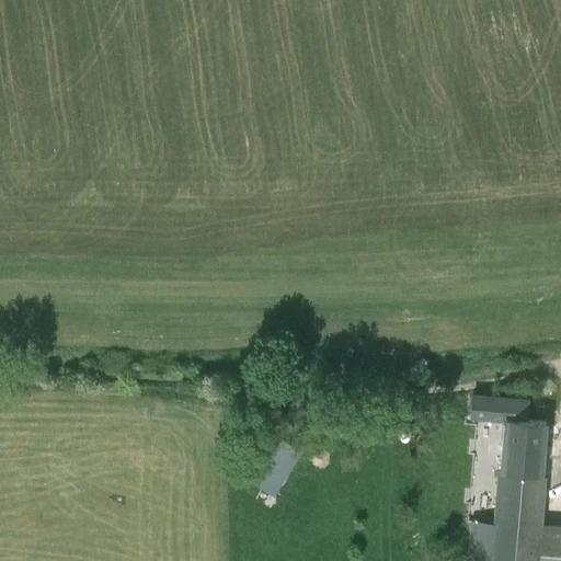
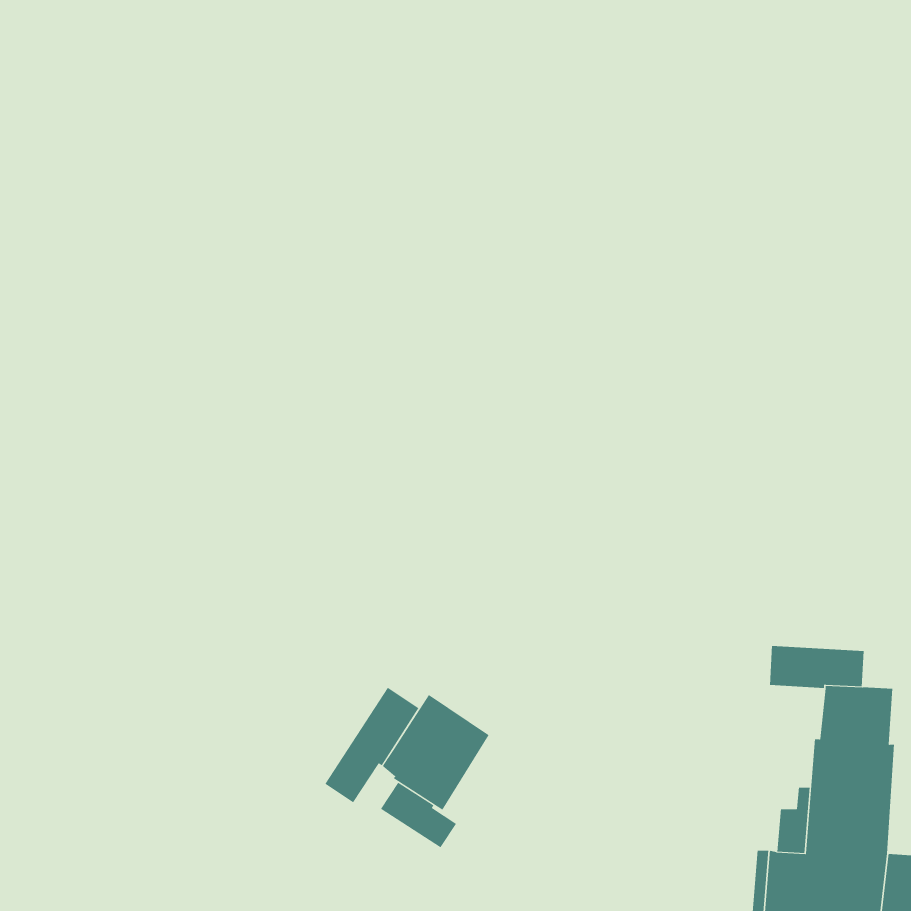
building: none -> [324,687,419,803]
building: none -> [380,782,457,848]

